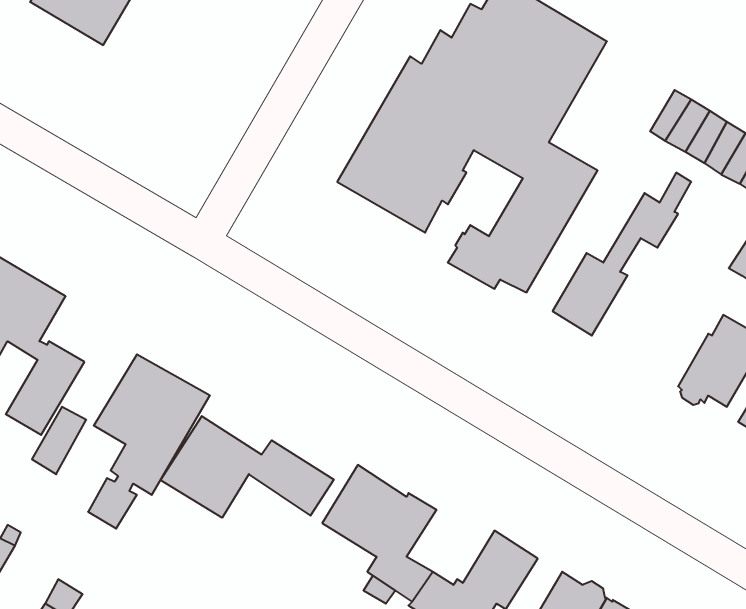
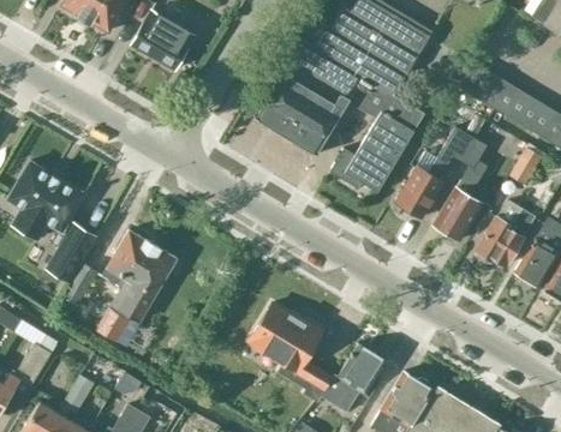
building: none -> [131,11,195,71]
building: none -> [434,140,488,241]
building: [161,416,334,518] -> none

